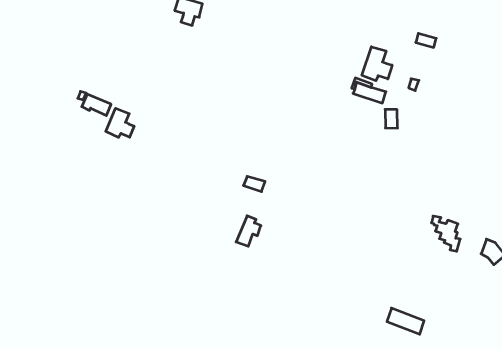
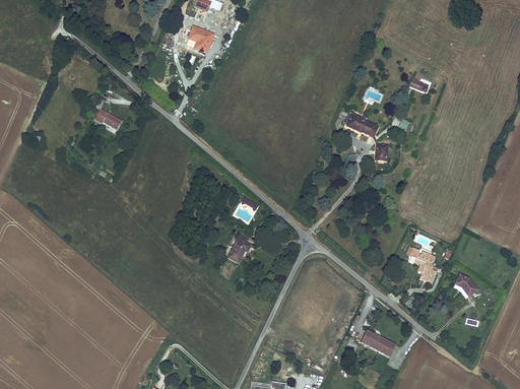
building: [362,47,392,81] -> none
building: [106,108,134,137] -> none

